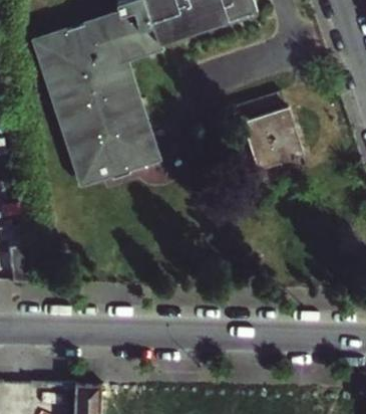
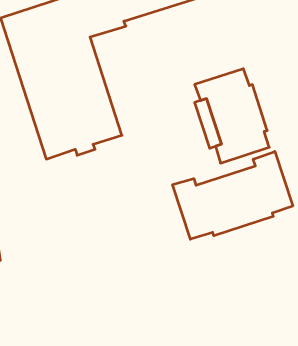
building: none -> [173,151,293,239]

